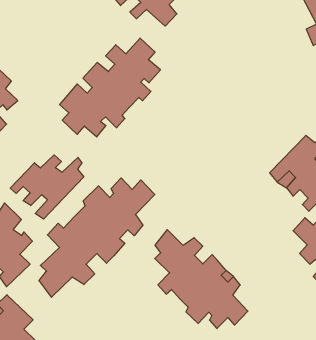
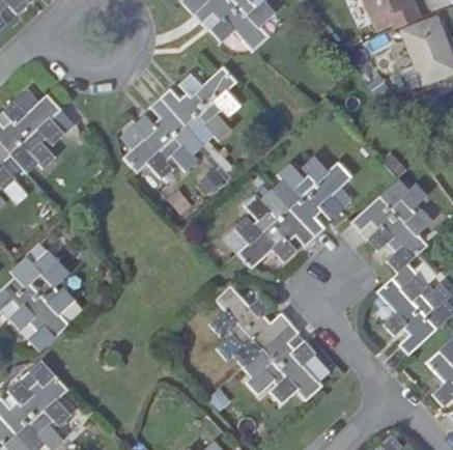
building: none -> [238,163,357,274]
building: [10,155,84,219] -> none
building: [39,178,155,297] -> none

